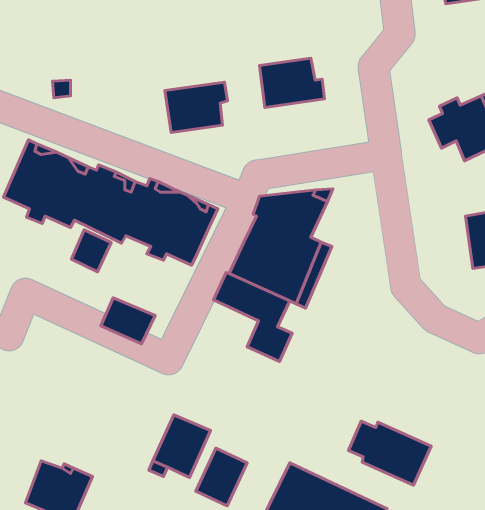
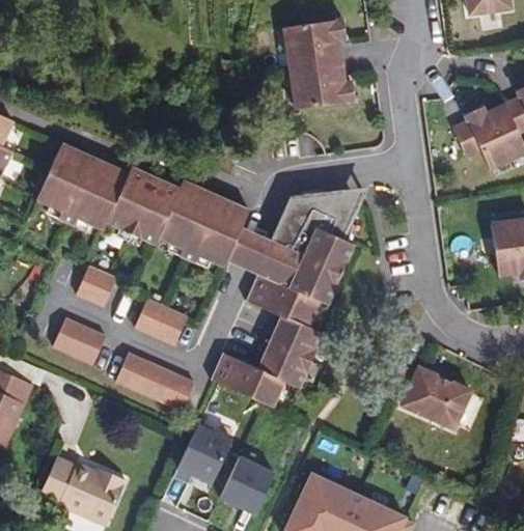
building: [165,82,228,132] -> [283,20,346,69]
building: none -> [225,229,274,276]
building: [72,230,111,272] -> [75,266,114,307]
building: none -> [51,318,104,365]
building: none -> [208,348,309,409]
building: none -> [113,354,192,412]
building: [349,421,431,485] -> [391,361,473,424]

